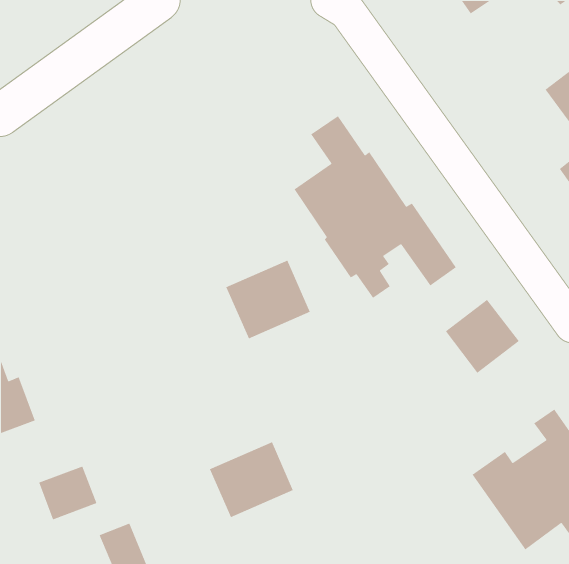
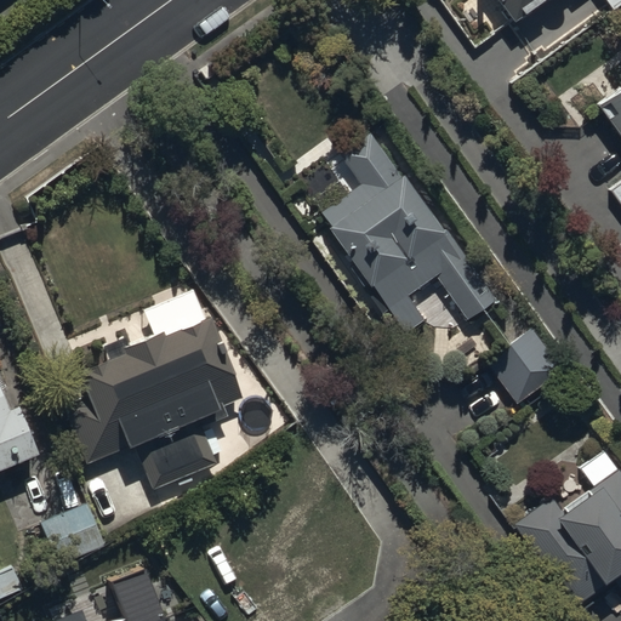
building: [225,259,311,339] -> none
building: none -> [63,313,243,488]
building: [209,441,294,518] -> none

